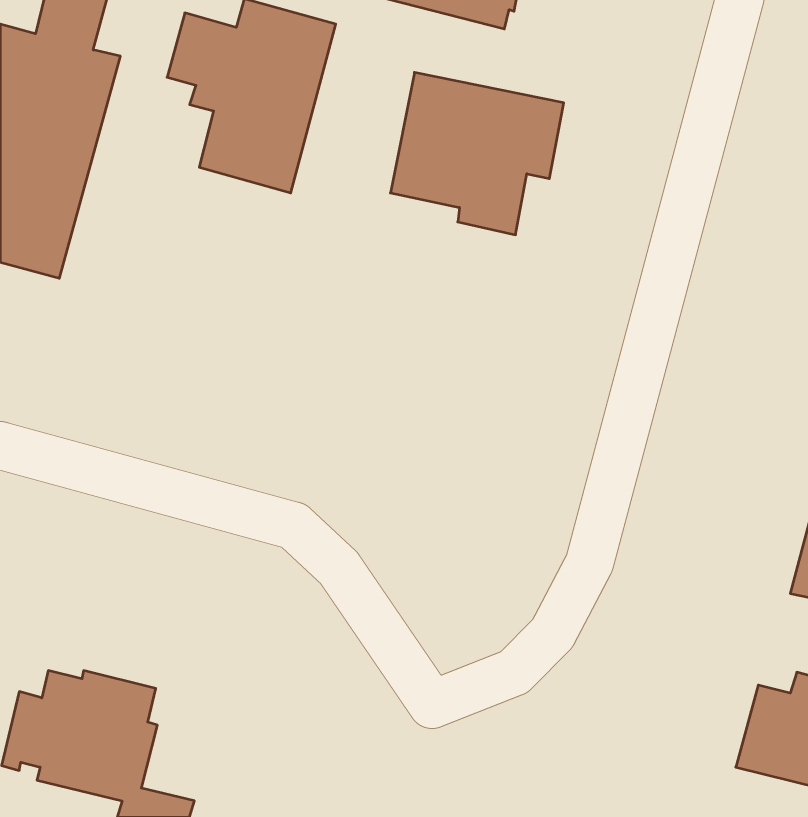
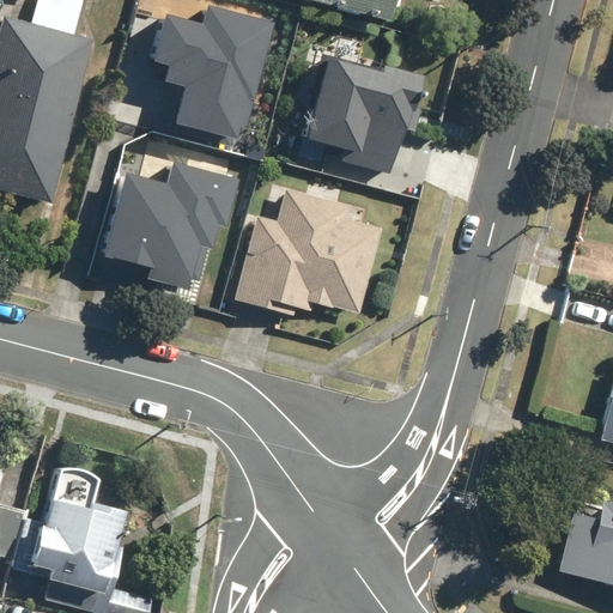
building: none -> [92,162,227,283]
building: none -> [235,178,389,317]

